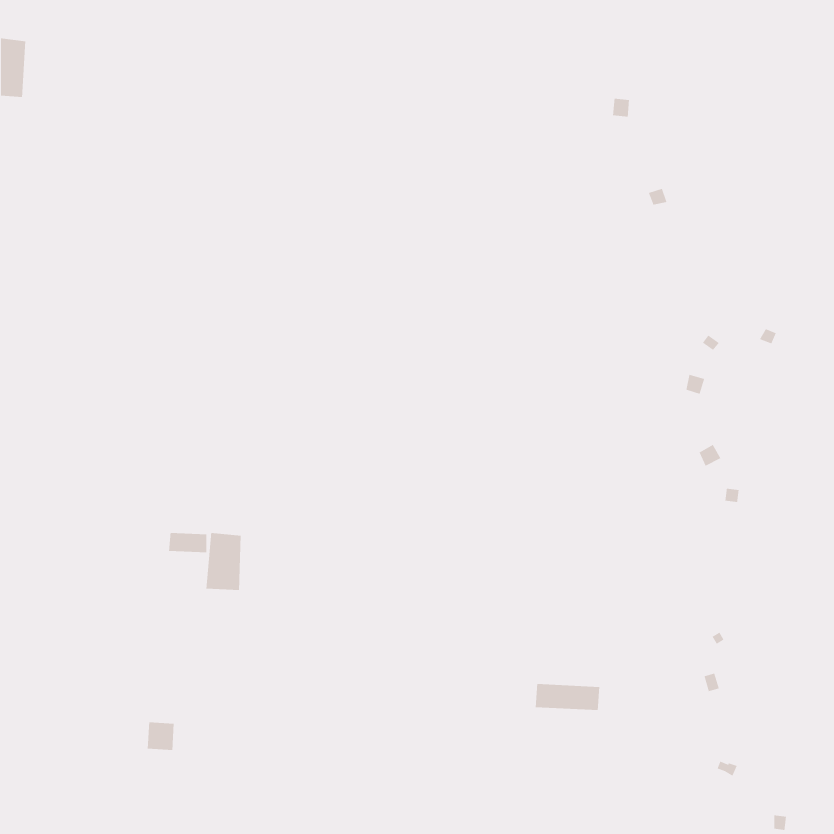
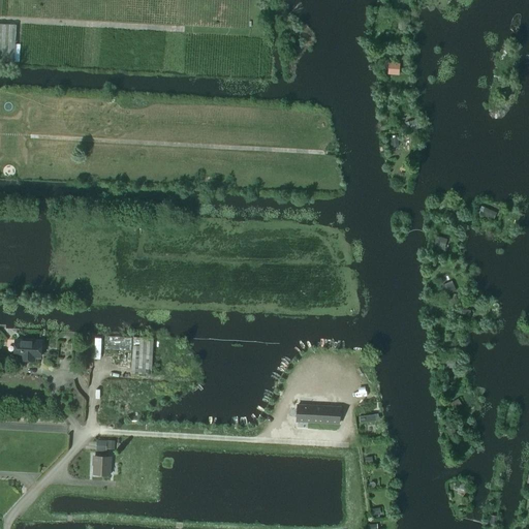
building: none -> [14,340,41,361]
building: [535,683,600,711] -> [299,405,340,423]

